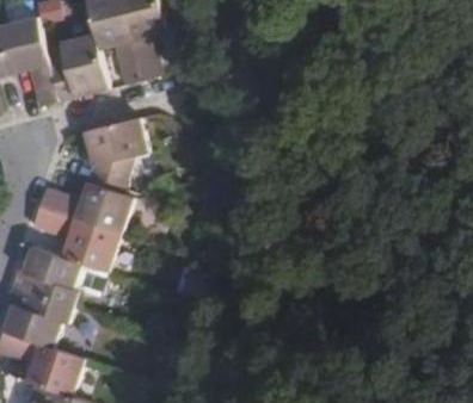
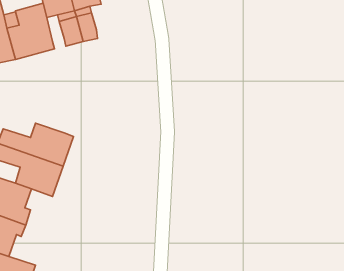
building: [81,119,147,194] -> none

